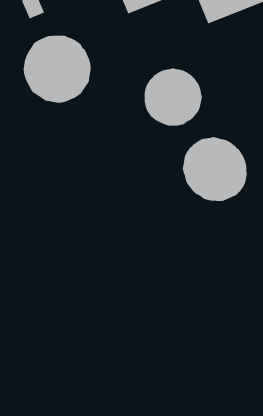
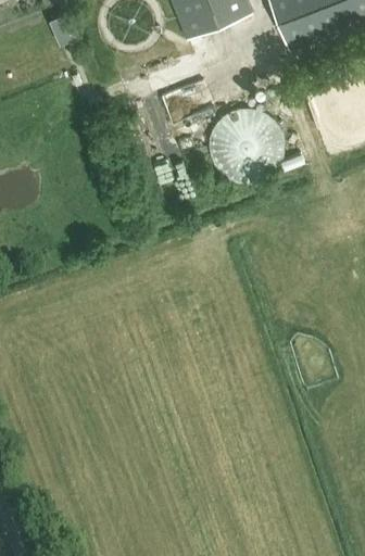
building: [23,35,92,103] -> none
building: [182,136,247,202] -> none

